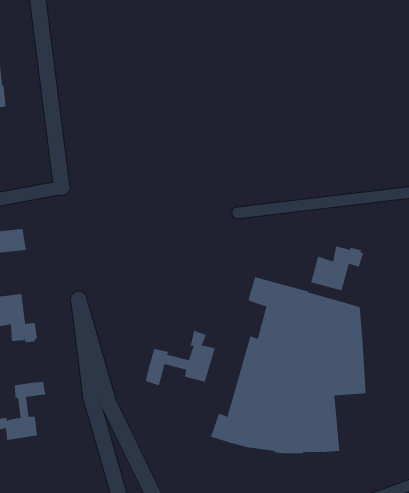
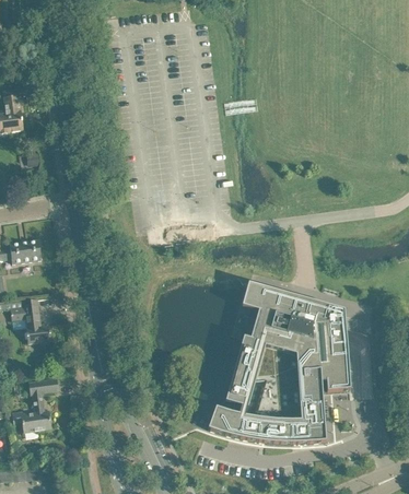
building: [310,246,364,291] -> none
building: [145,330,215,386] -> none

